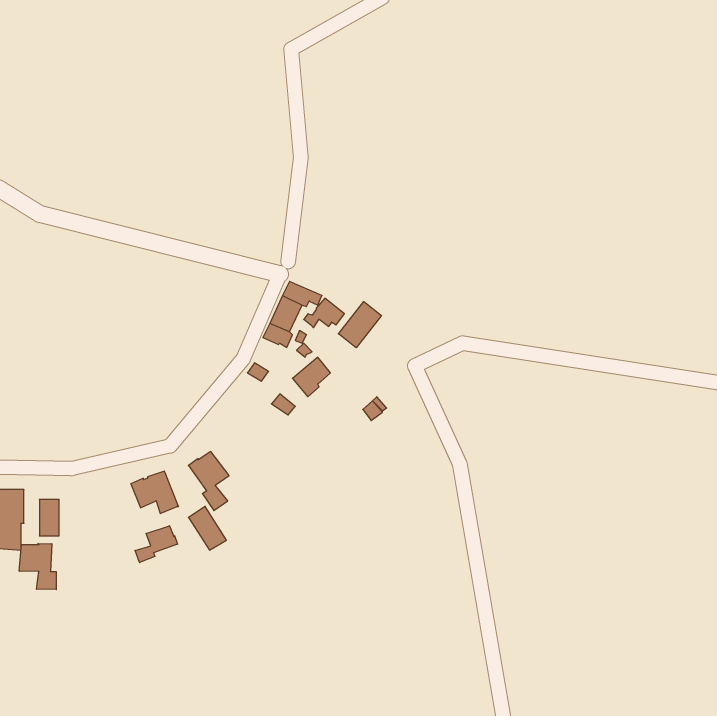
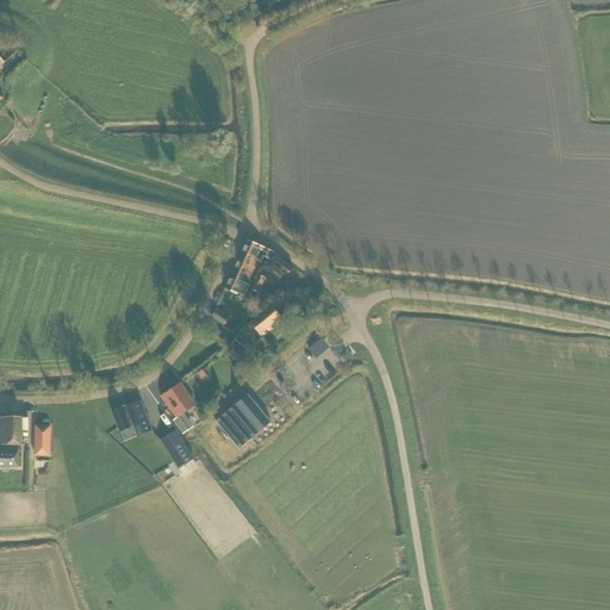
building: [338,302,381,348] -> none
building: none -> [214,394,269,447]
building: [135,526,178,563] -> none
building: [19,543,56,590] -> none

